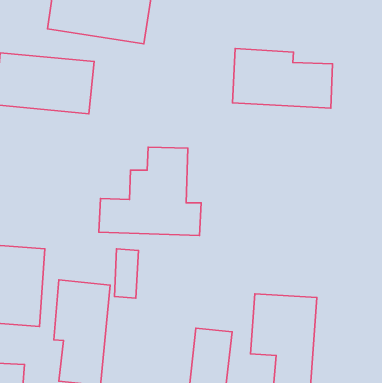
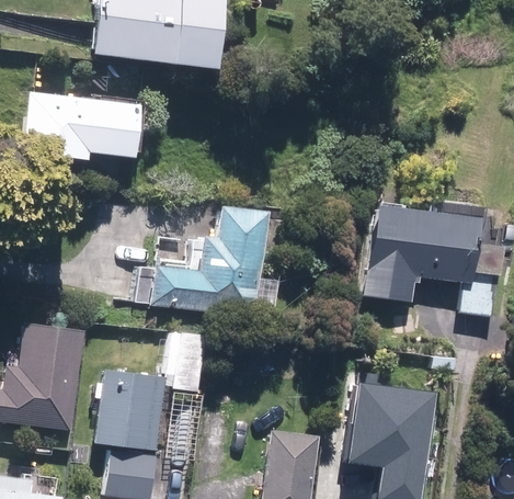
building: [232,49,333,108] -> none
building: none -> [366,204,476,302]

